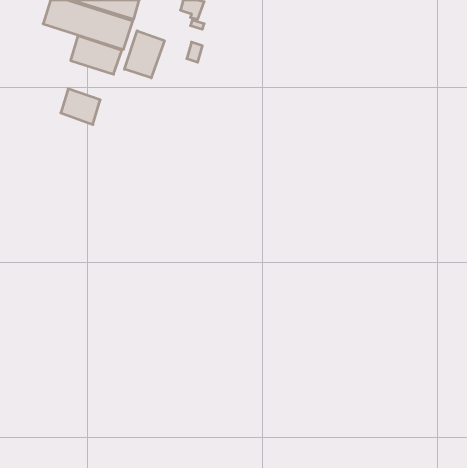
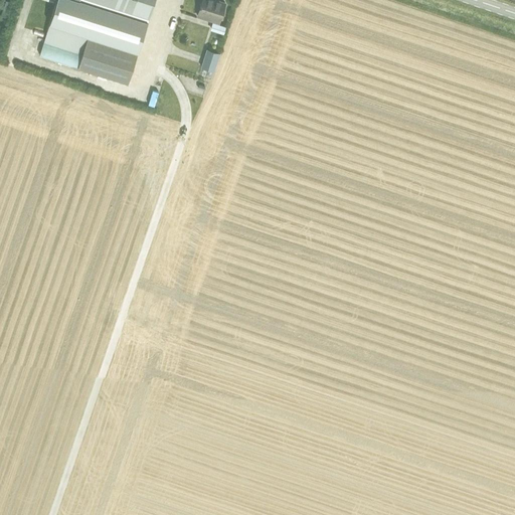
building: [124,31,164,78] -> none
building: [61,89,100,125] -> [41,27,84,66]

